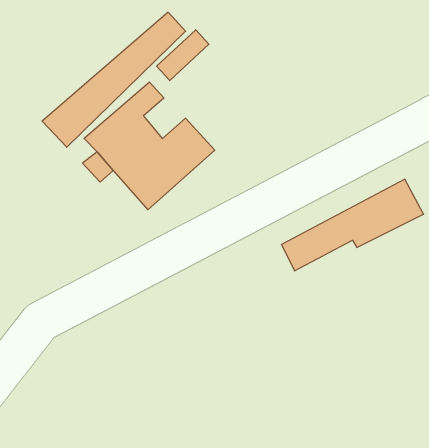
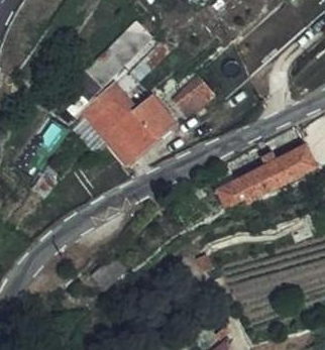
building: none -> [172,73,217,120]

